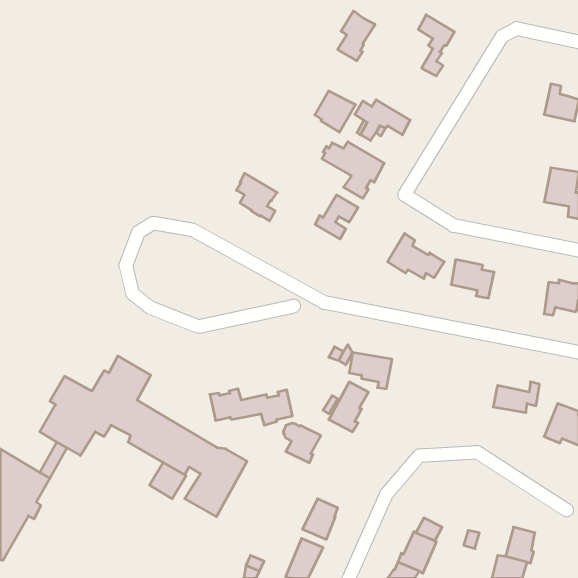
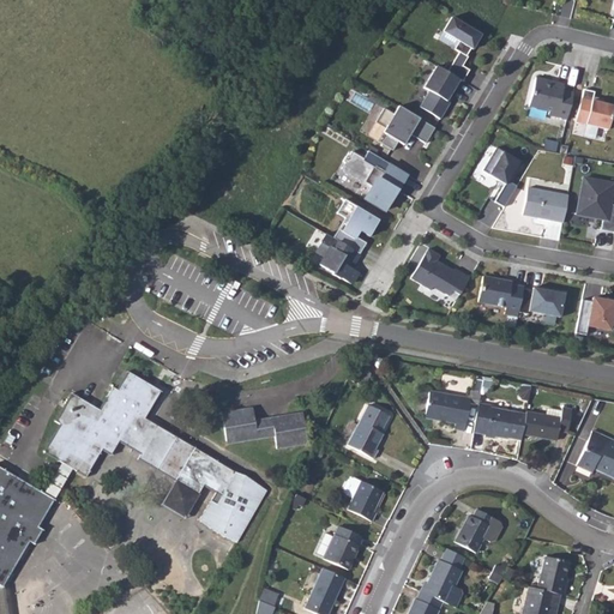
building: [338,11,375,61] -> [421,65,460,118]
building: none -> [530,77,576,119]
building: [315,91,356,132] -> none
building: none -> [483,146,520,206]
building: [236,173,277,221] -> [318,233,361,283]
building: none -> [523,187,568,222]
building: none -> [519,287,565,317]
building: [349,352,392,389] -> [426,390,471,428]
building: none -> [474,403,526,438]
building: [283,423,321,463] -> [344,478,384,520]
building: none -> [455,508,501,552]

